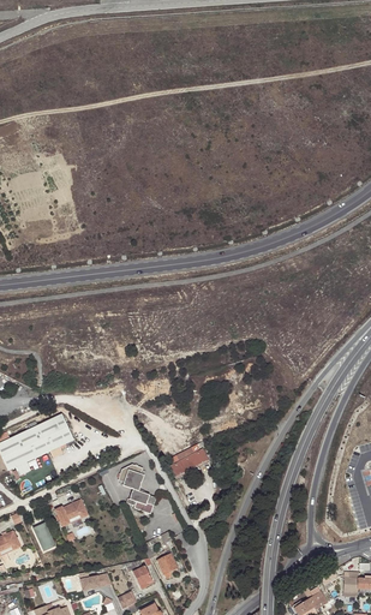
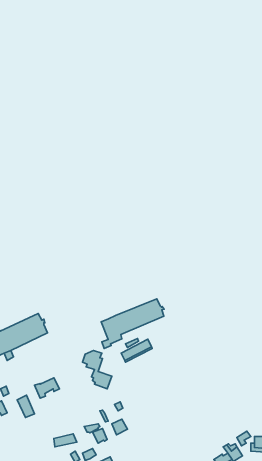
building: none -> [101,299,164,349]

